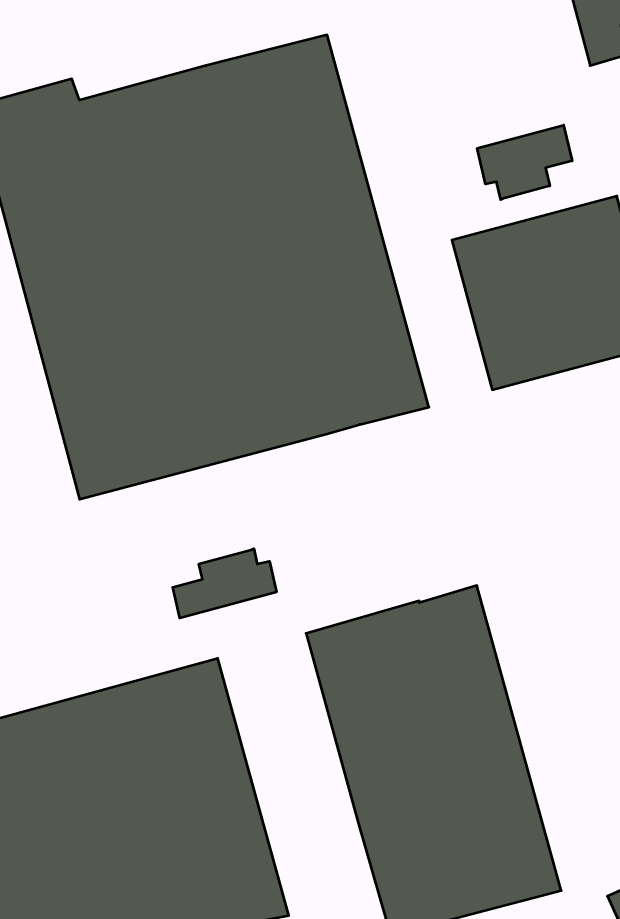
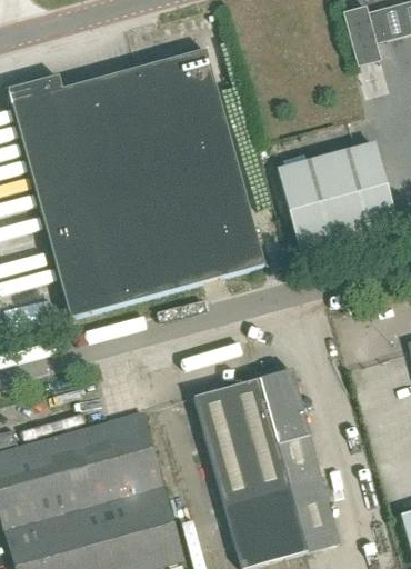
building: [477,125,572,200] -> none
building: [173,549,276,618] -> none

